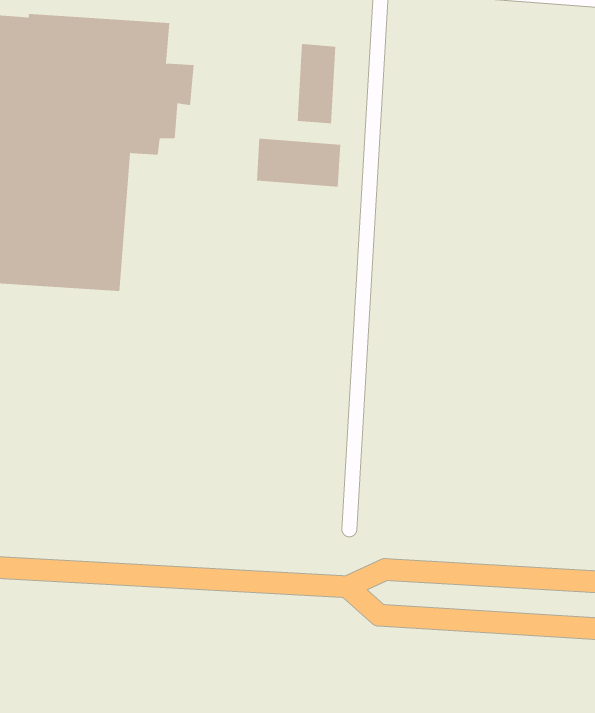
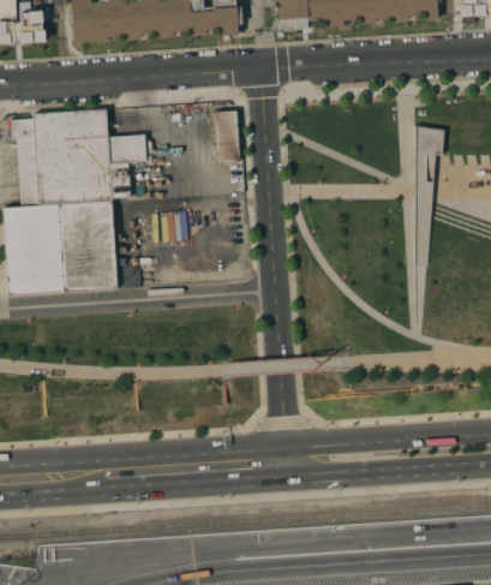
building: [256,138,341,187] -> none

